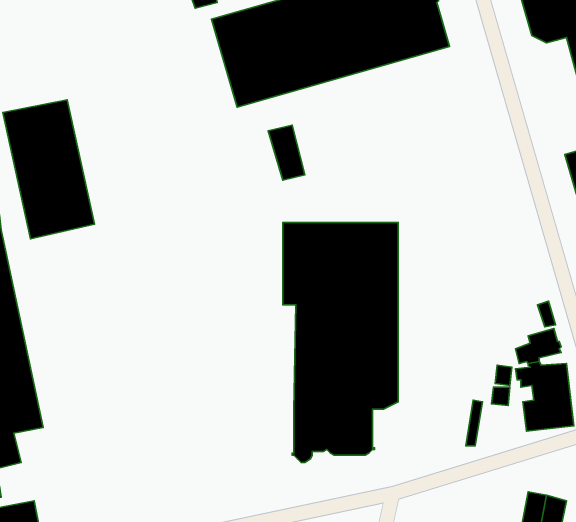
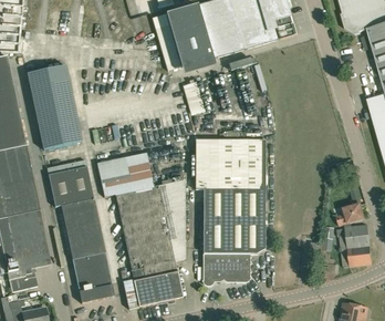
building: none -> [97,152,185,307]
building: none -> [46,157,114,301]

